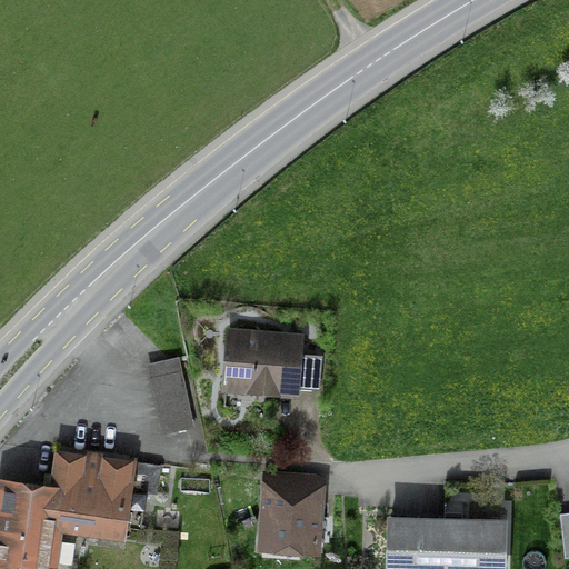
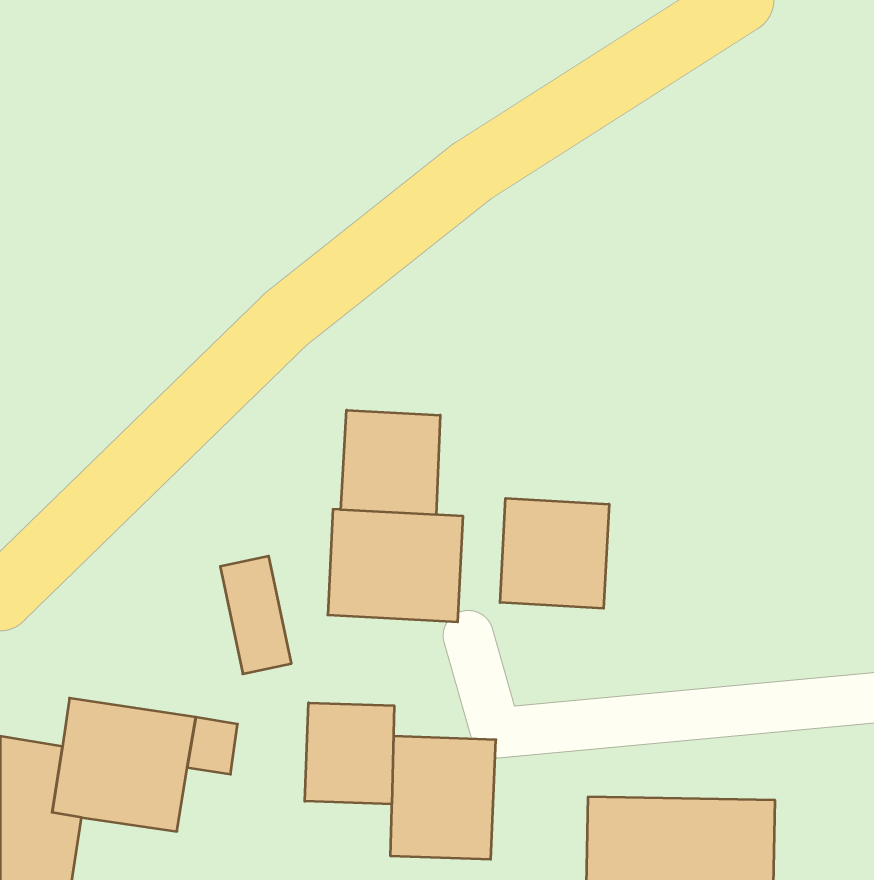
building: none -> [341,410,440,515]
building: none -> [500,498,609,608]
building: none -> [305,703,394,804]

